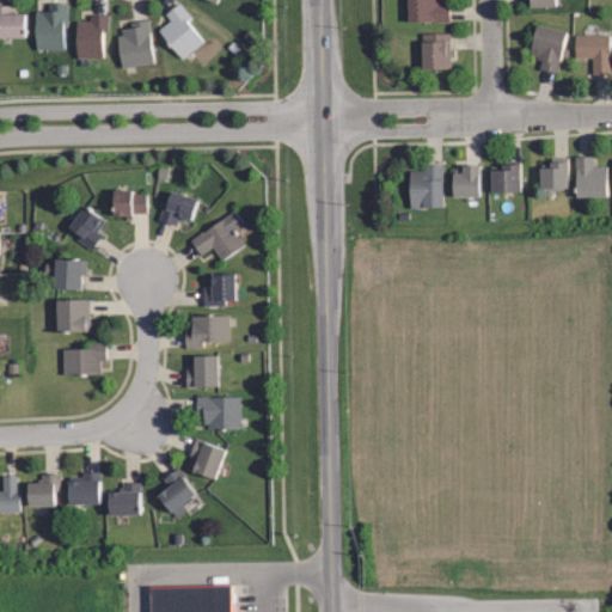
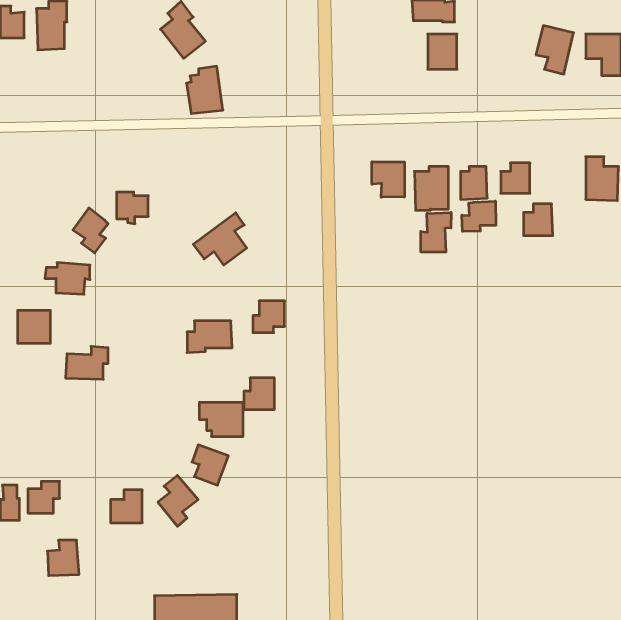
building: [78,16,108,59] -> none
building: [117,20,153,67] -> [186,66,223,114]
building: [540,159,569,190] -> [524,204,553,236]
building: none -> [372,162,404,197]
building: [158,191,196,226] -> none
building: none -> [462,201,496,231]
building: none -> [421,212,451,252]
building: [203,274,234,305] -> [253,301,285,333]
building: [60,299,92,331] -> [18,310,50,343]
building: [185,356,215,387] -> [244,378,274,409]
building: [69,472,100,507] -> [47,540,79,576]

